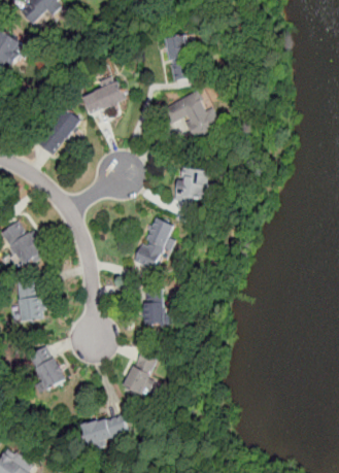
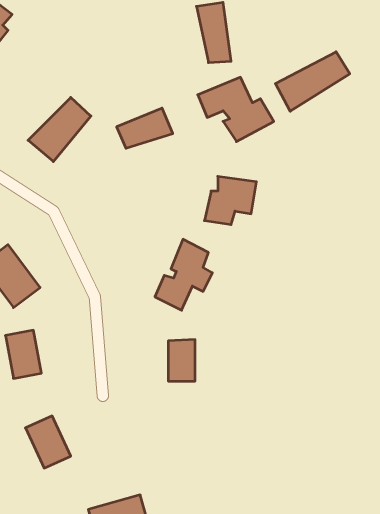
building: none -> [275,52,350,111]
building: [81,81,125,112] -> [117,108,173,148]
building: [123,348,159,394] -> none

